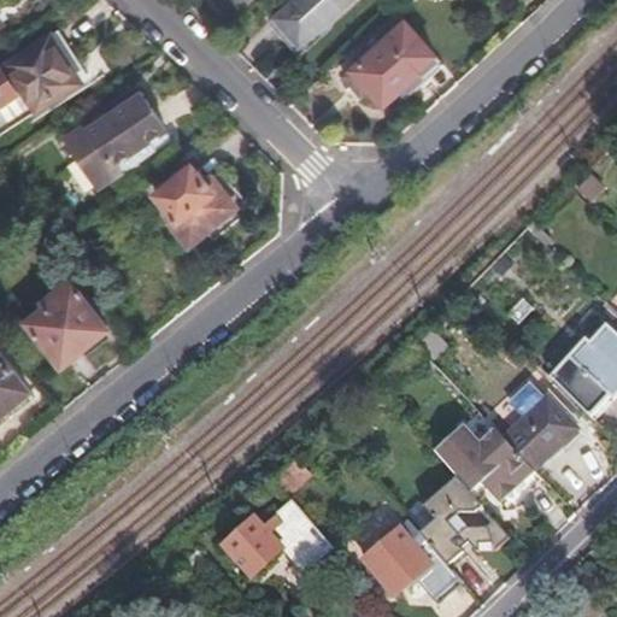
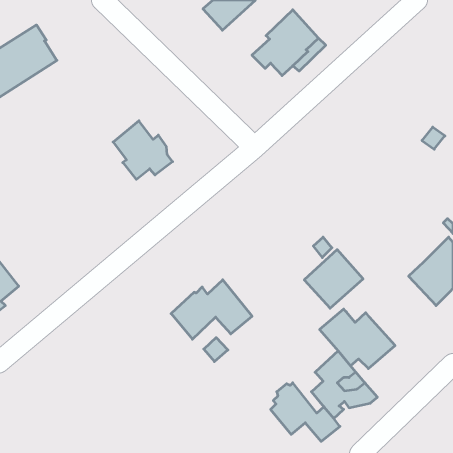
building: [59,93,161,195] -> none
building: [24,278,104,363] -> none
building: [500,390,580,470] -> [304,250,363,308]
building: [225,499,335,580] -> [171,280,252,339]

